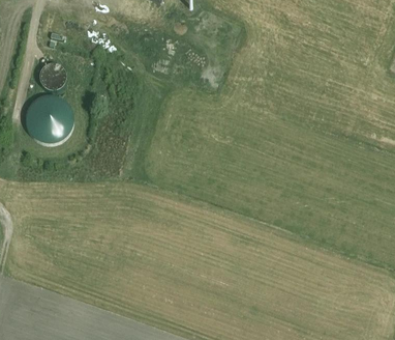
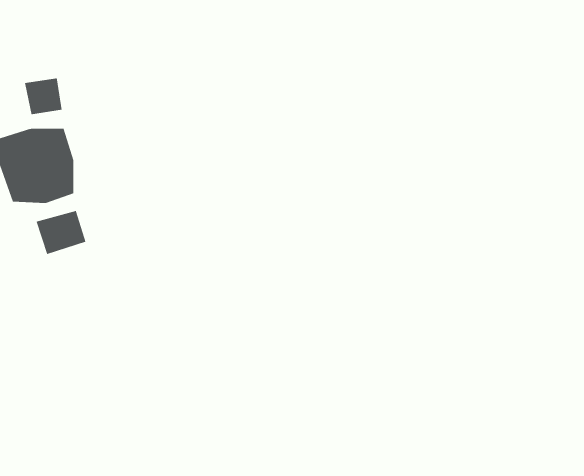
building: none -> [36,210,86,255]

